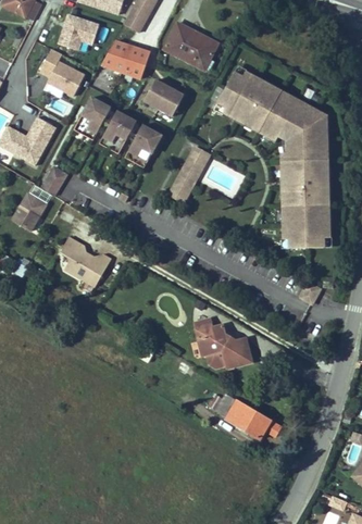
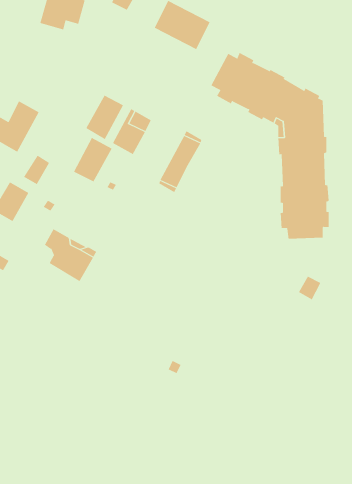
building: [101,39,149,78] -> none
building: [40,48,86,96] -> none
building: [145,78,185,114] -> none
building: [74,97,111,139] -> [73,137,112,182]
building: [195,316,252,369] -> none
building: [210,392,280,440] -> none

